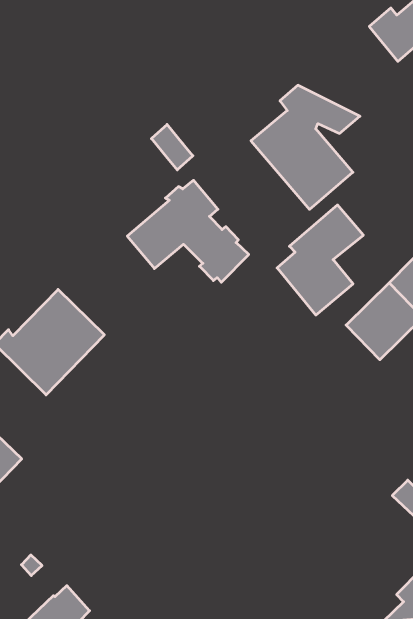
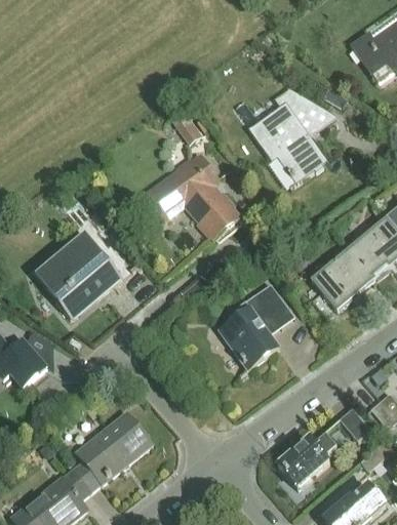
building: [277,205,363,315] -> [220,283,290,369]
building: none -> [74,411,152,491]
building: none -> [276,431,335,488]

